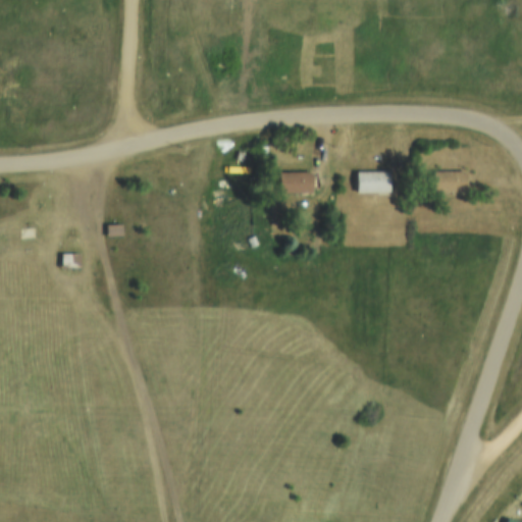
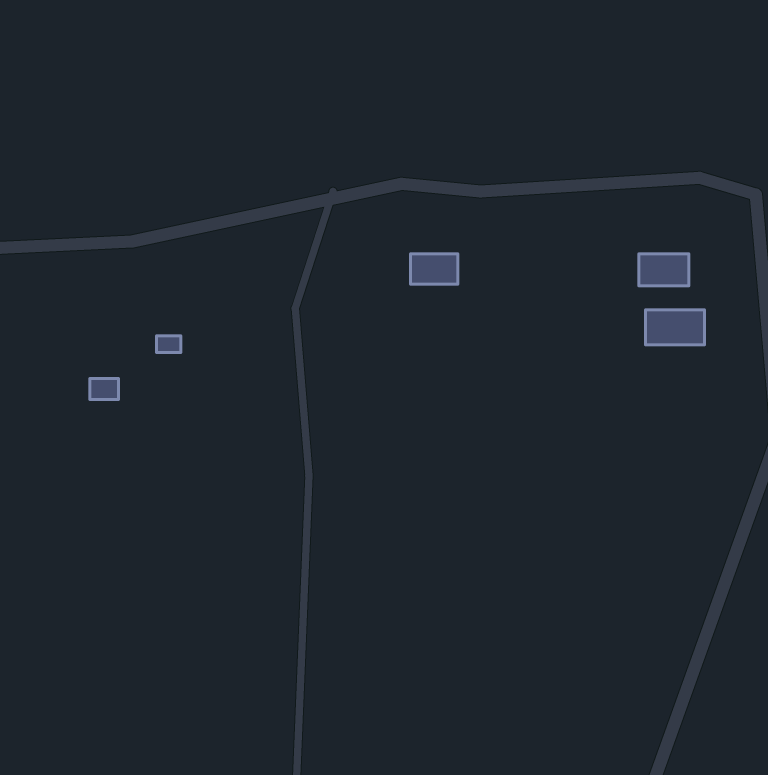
building: [359,171,392,192] -> none
building: none -> [646,310,704,345]

